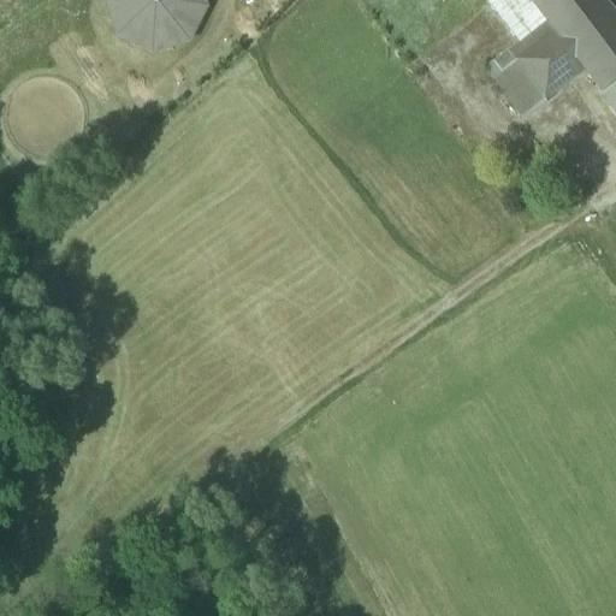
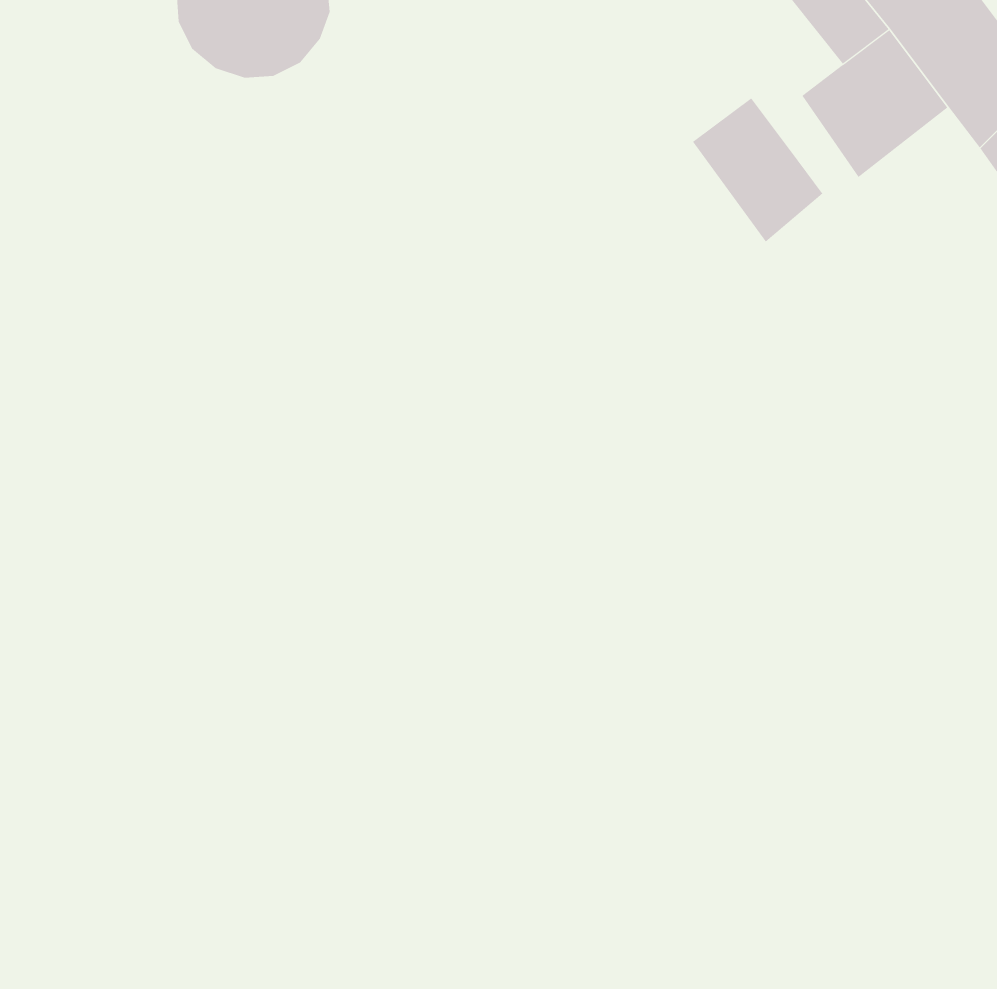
building: none -> [692,97,823,242]

